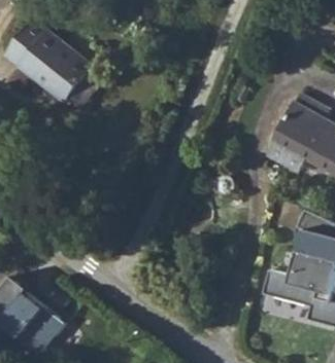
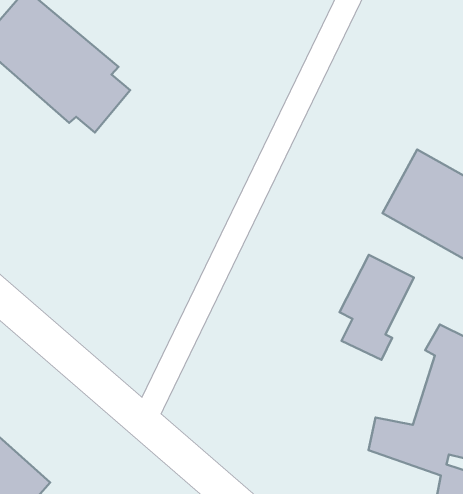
building: none -> [339,255,414,360]

